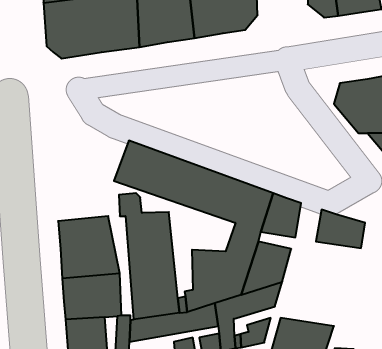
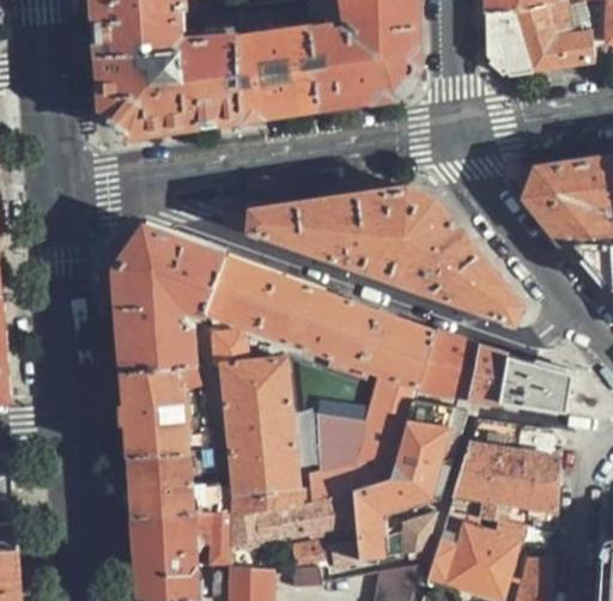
building: none -> [249,188,520,323]
building: none -> [114,225,224,371]
building: none -> [467,345,505,401]
building: none -> [445,420,559,528]

